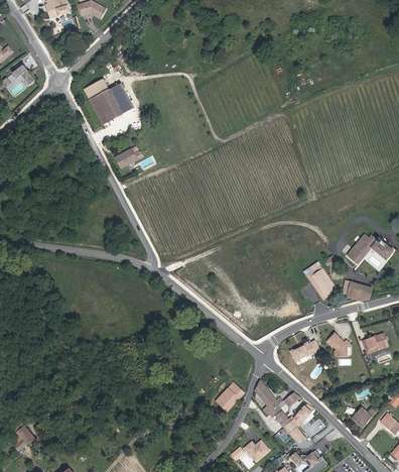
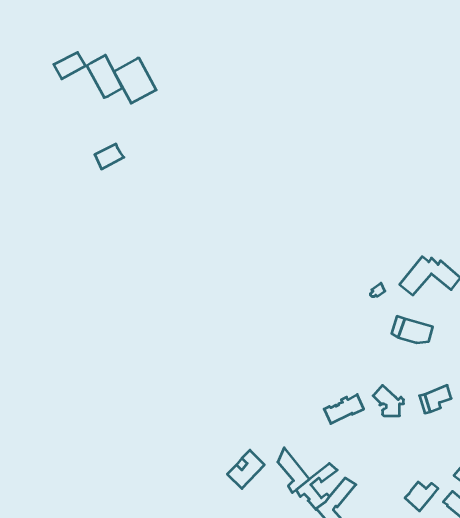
building: [90,90,122,124] -> [114,58,156,103]
building: [305,265,337,300] -> none

